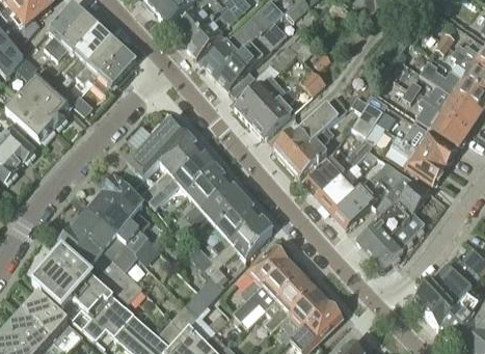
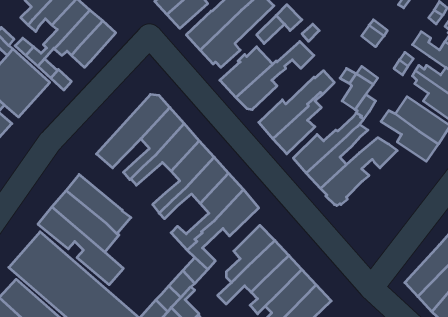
building: [357,172,429,264] -> none
building: [100,179,149,229] -> none

